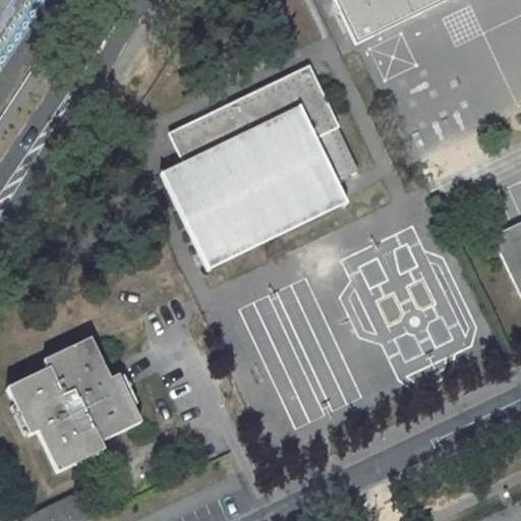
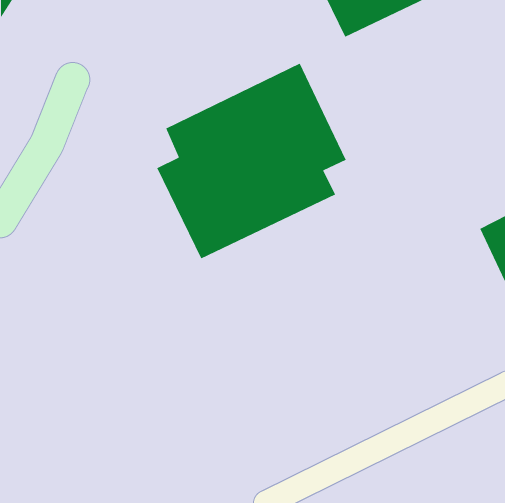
building: [7,335,142,469] -> none

